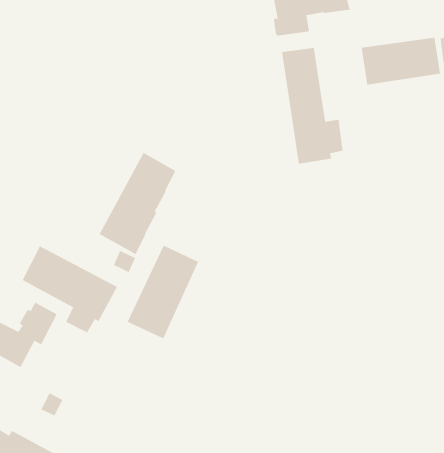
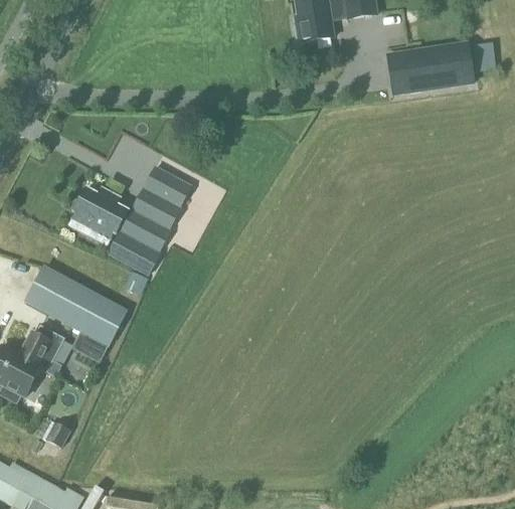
building: [281,47,343,165] -> none
building: none -> [70,188,135,244]
building: [127,245,199,339] -> none

